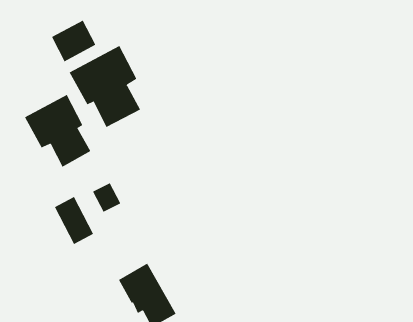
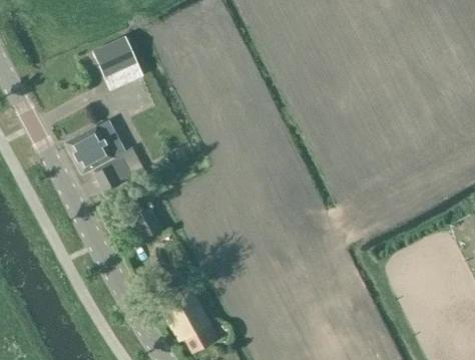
building: [69,45,141,128] -> none
building: [54,196,94,245] -> none

